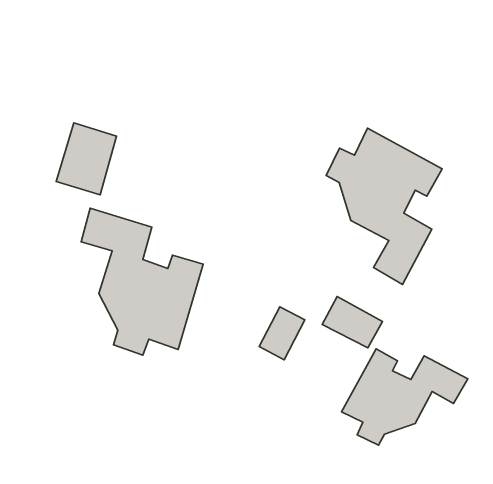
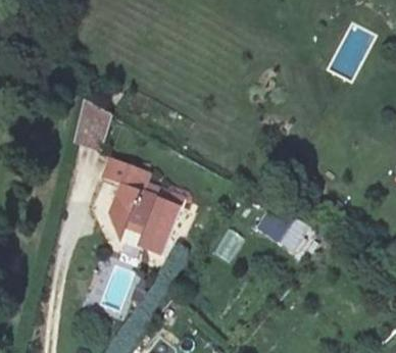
building: [326,128,442,285] -> none
building: [341,349,468,445] -> none

